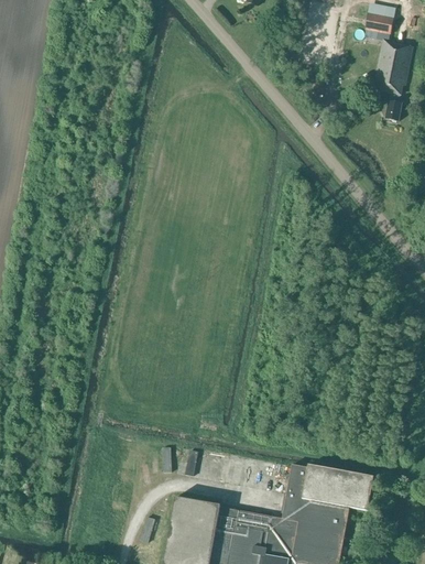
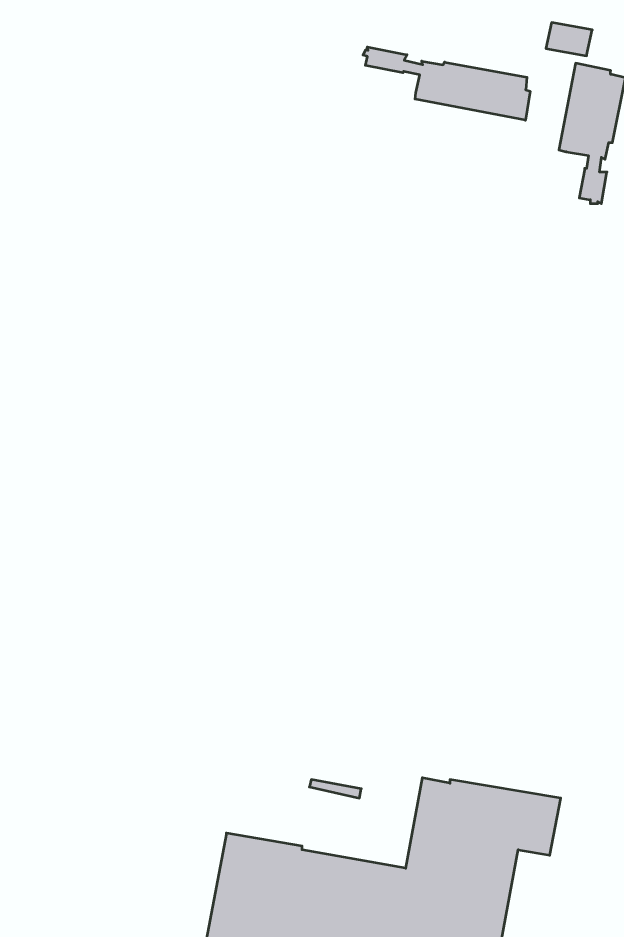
building: none -> [363,47,530,120]

